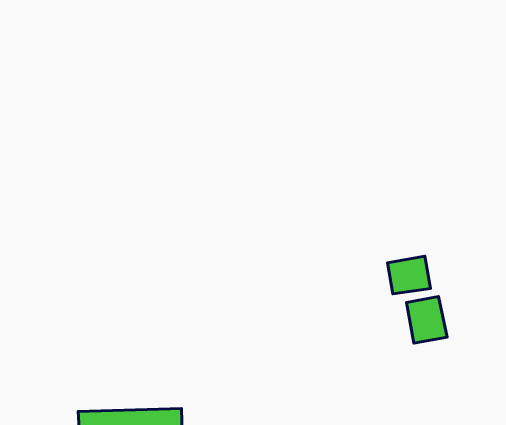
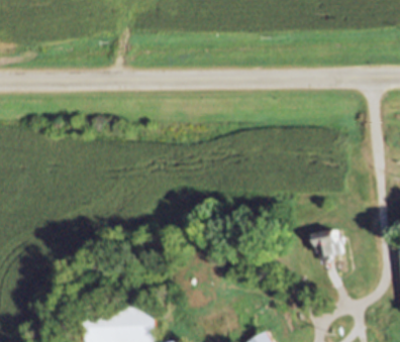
building: [387,256,431,294] -> none

